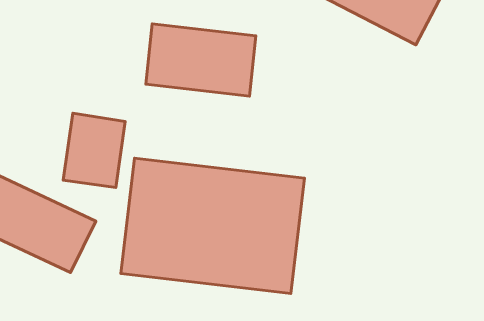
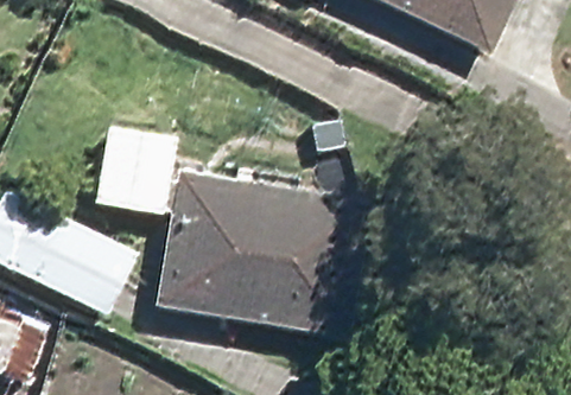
building: [146,24,256,96] -> none

